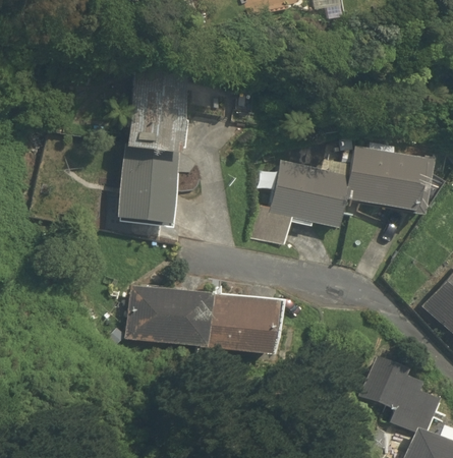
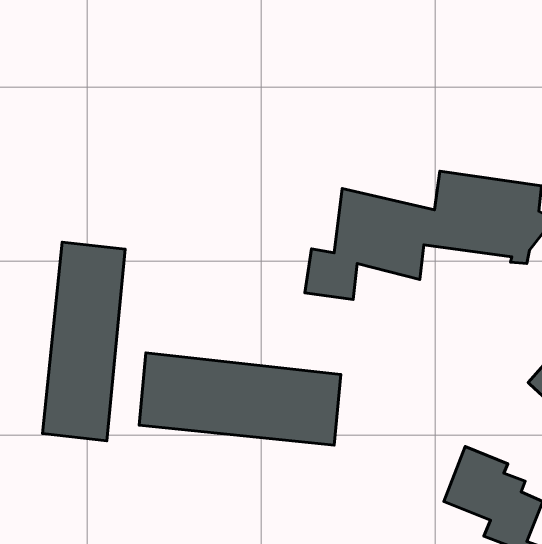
building: [118,66,190,224] -> none
building: none -> [43,242,125,441]

